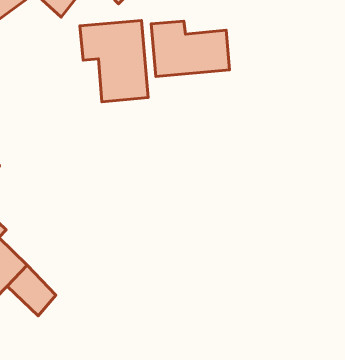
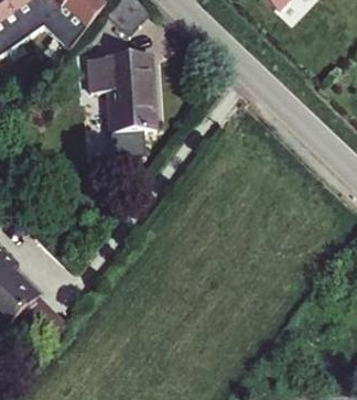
building: [151,21,230,77] -> none

